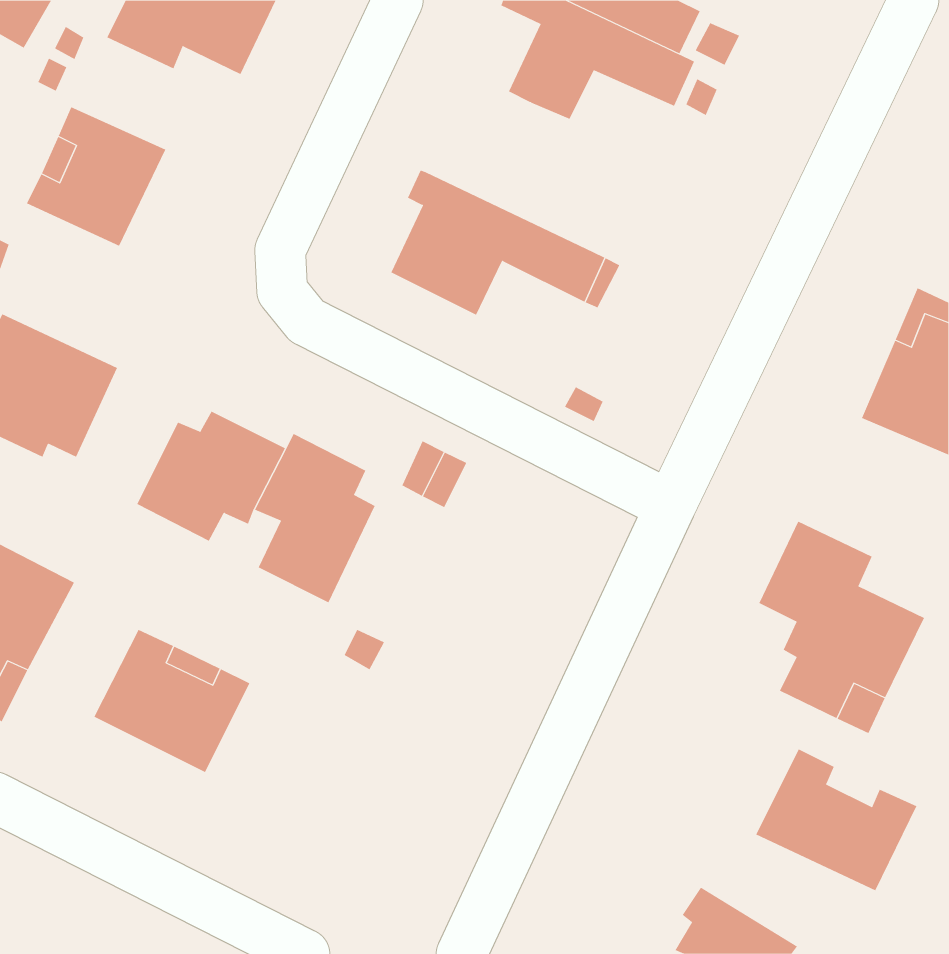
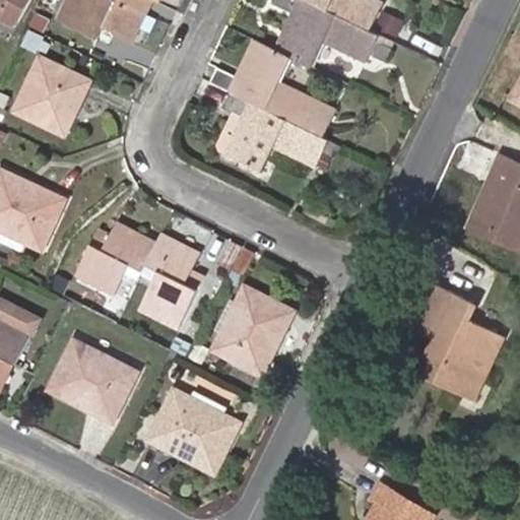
building: none -> [209,40,334,137]
building: none -> [212,287,291,374]
building: none -> [149,391,238,471]
building: [755,748,917,891] -> none

